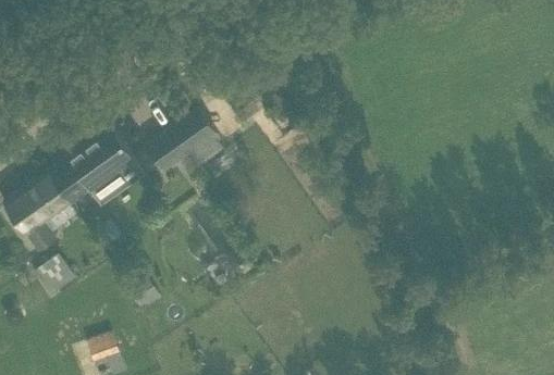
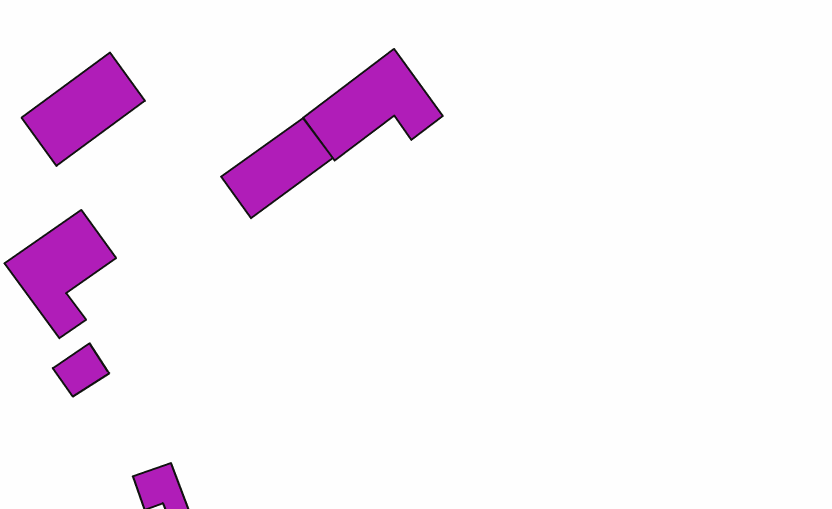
building: none -> [303,49,443,161]
building: [54,129,135,203] -> [22,53,145,166]

